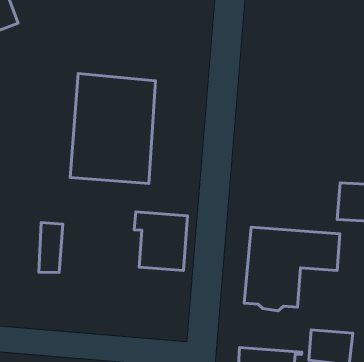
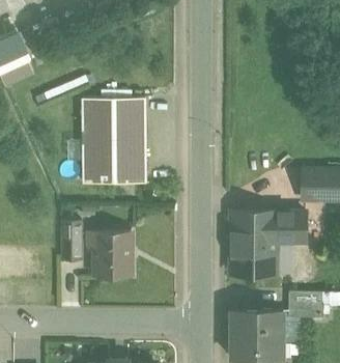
building: [134,212,188,270] -> [88,232,131,277]

